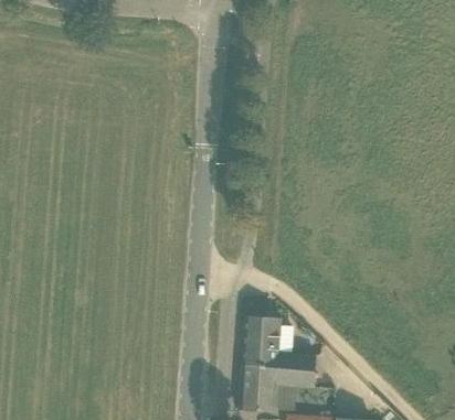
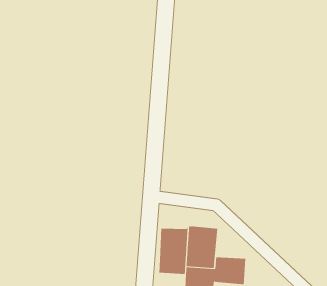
building: none -> [159,227,188,275]

